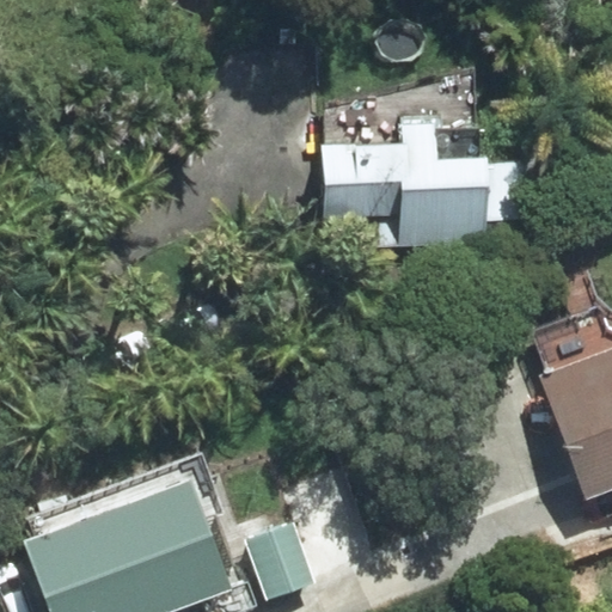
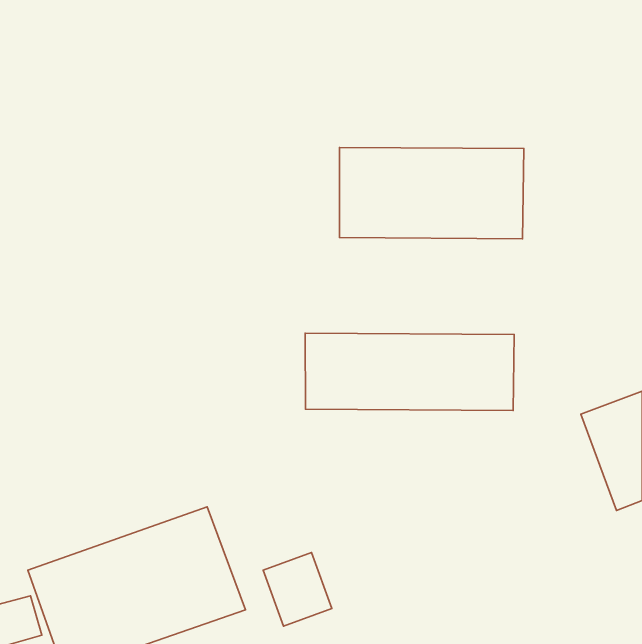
building: none -> [305,333,514,411]

